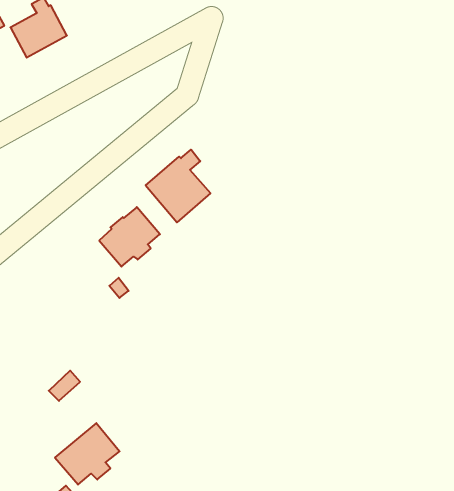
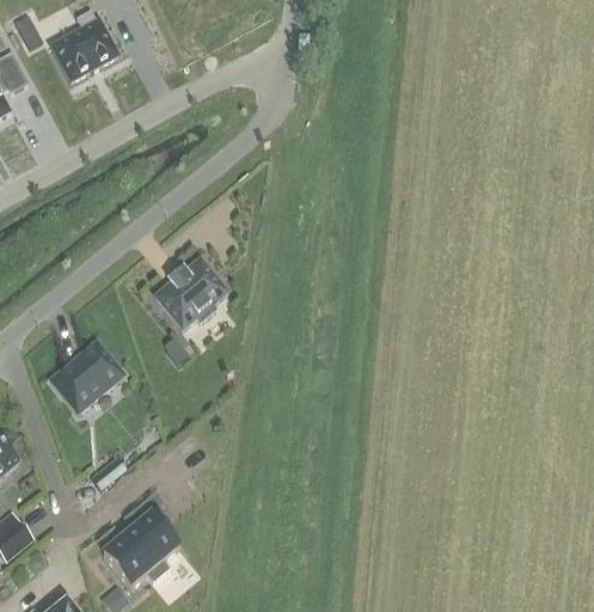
building: [146,150,210,222] -> none
building: none -> [50,341,123,411]

